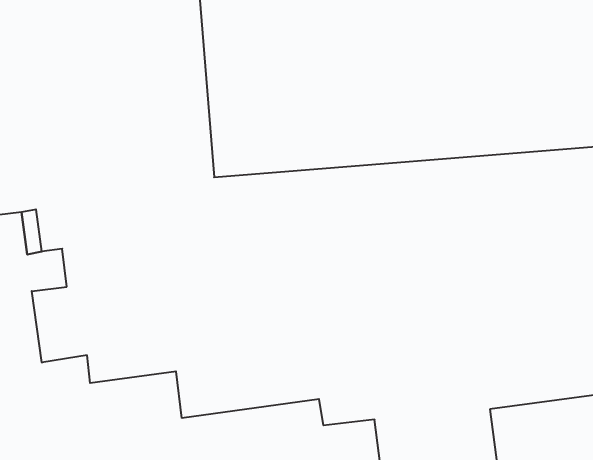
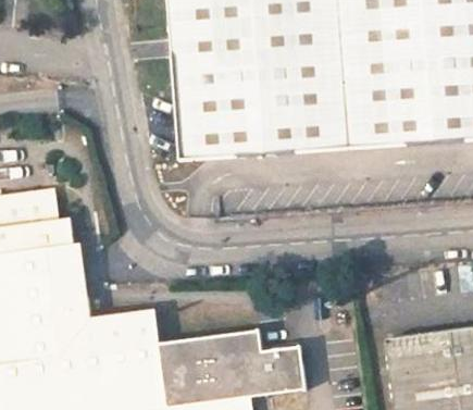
building: none -> [45,245,78,301]

